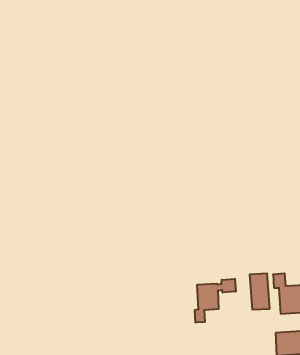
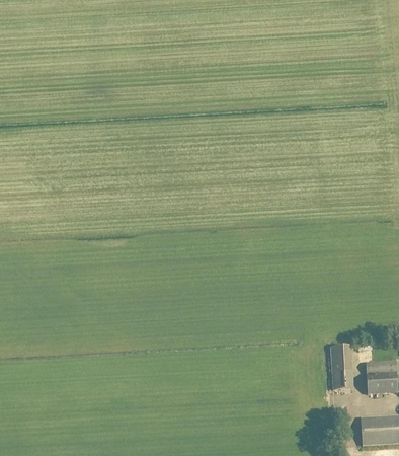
building: [195,279,236,323] -> none

